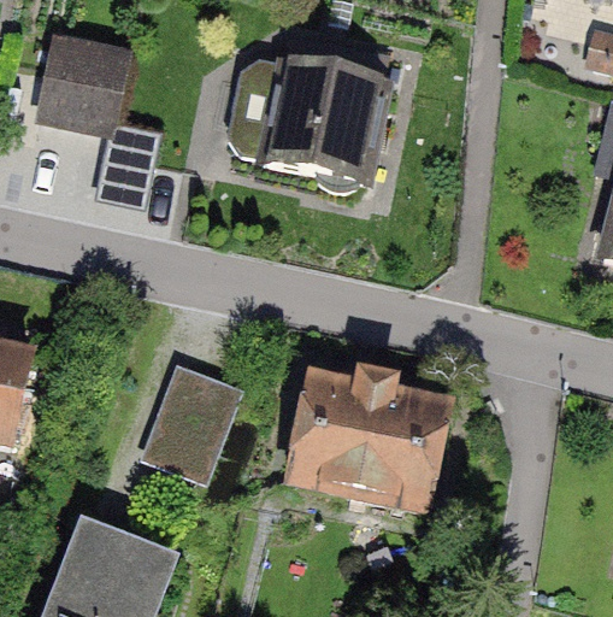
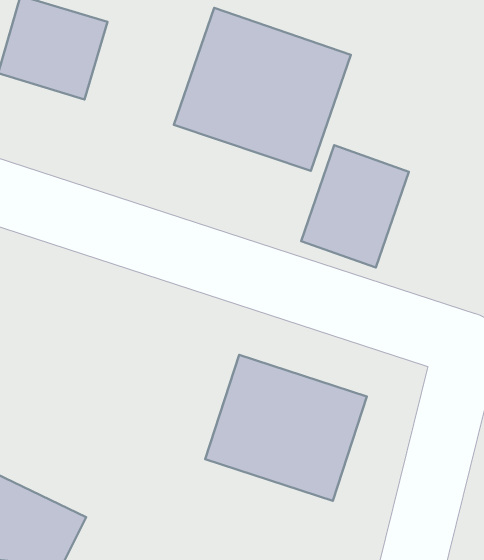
building: none -> [301,145,409,268]
building: [141,364,234,481] -> none

